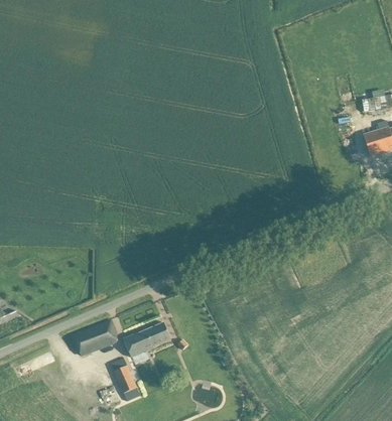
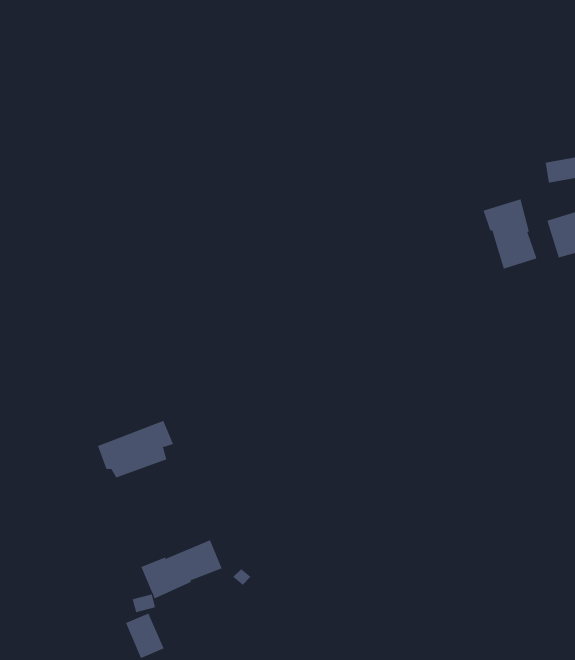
building: none -> [483,198,537,269]
building: [72,320,117,355] -> [97,420,174,478]

